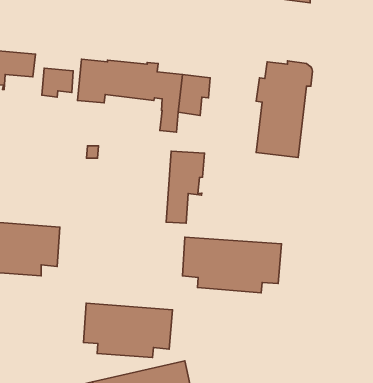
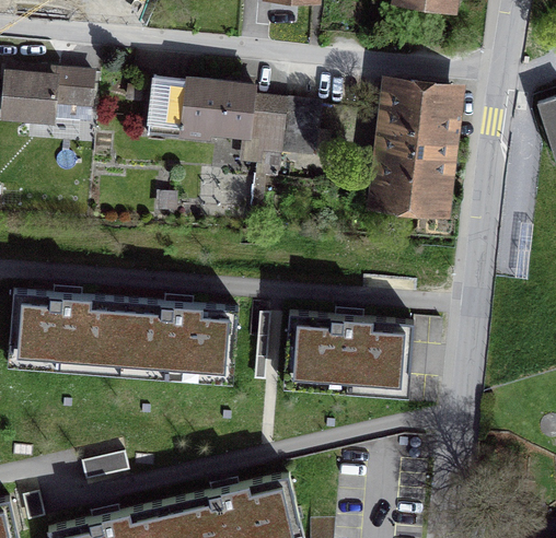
building: [42,68,73,97] -> none
building: [166,151,204,223] -> none
building: [84,303,173,358] -> [121,304,238,375]

